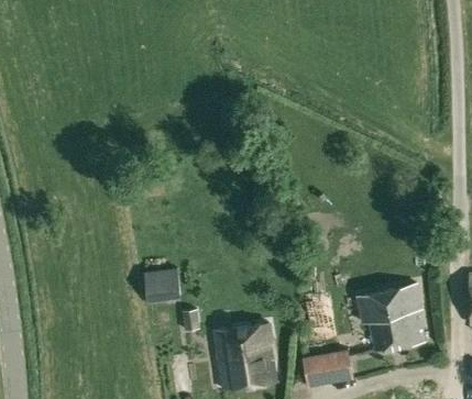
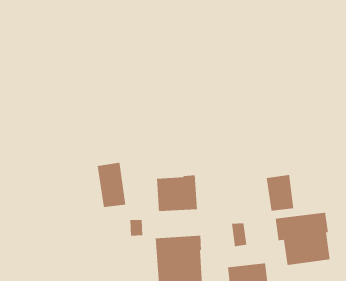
building: none -> [266,174,294,212]
building: none -> [156,175,197,212]

